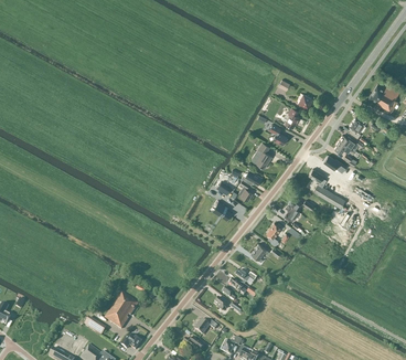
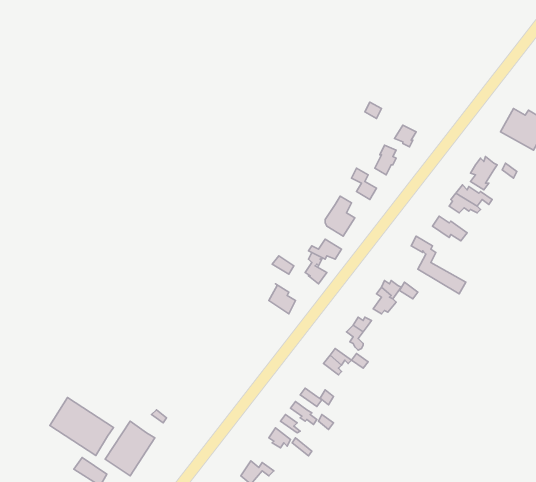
building: none -> [50,397,114,455]

